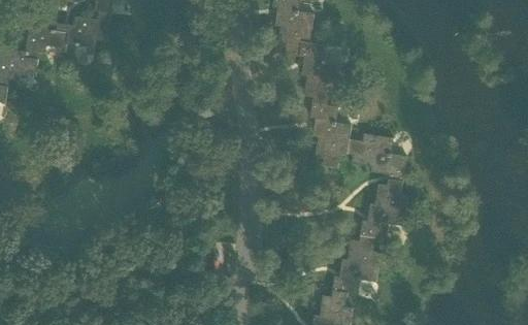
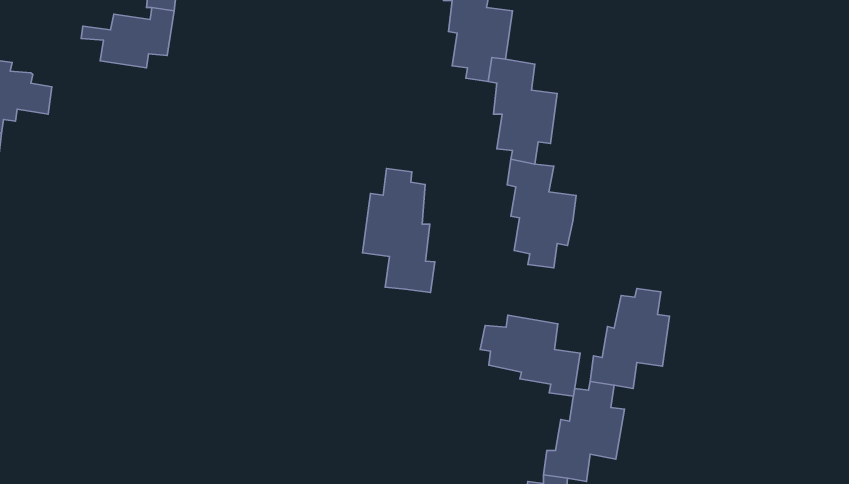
building: [26,15,69,59] -> none
building: none -> [362,169,435,292]
building: [346,133,406,182] -> [480,315,580,396]

